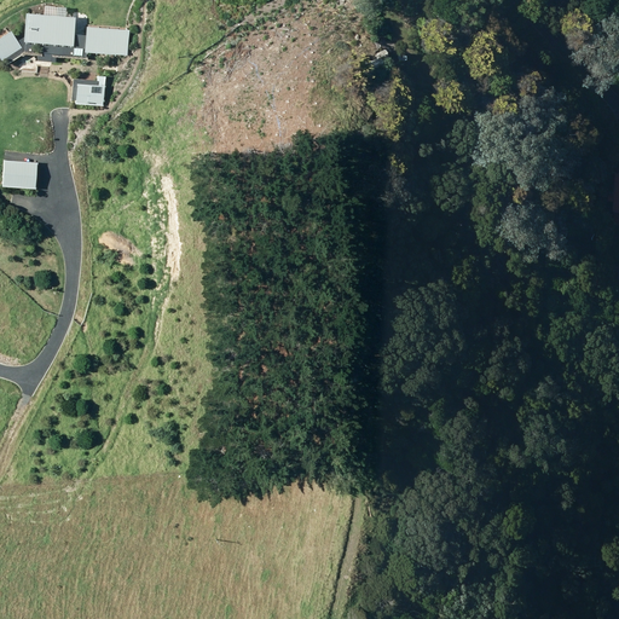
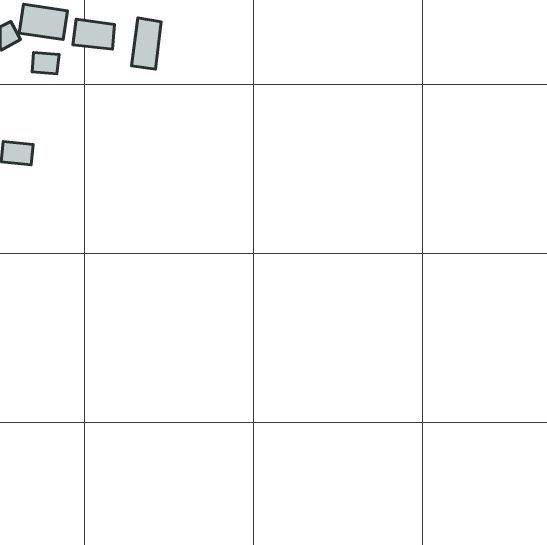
building: none -> [131,18,161,69]
building: [75,82,105,106] -> [32,52,59,74]

